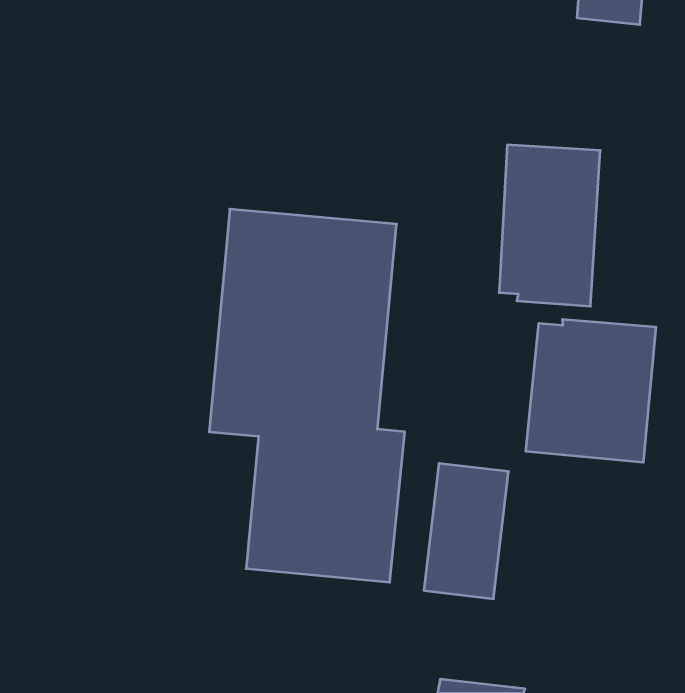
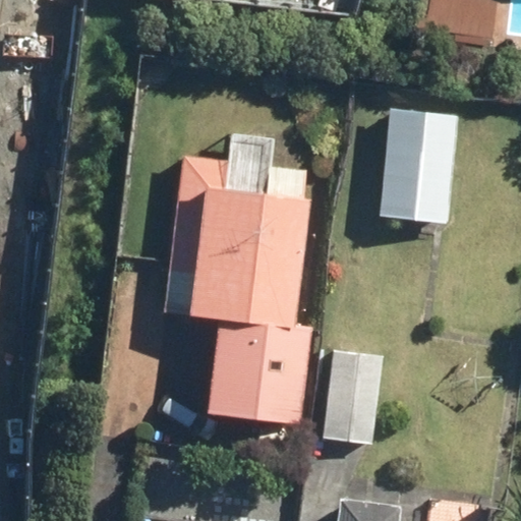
building: [526,319,656,462] -> none

